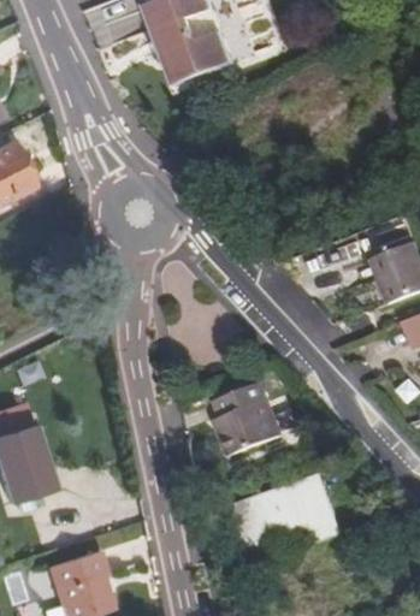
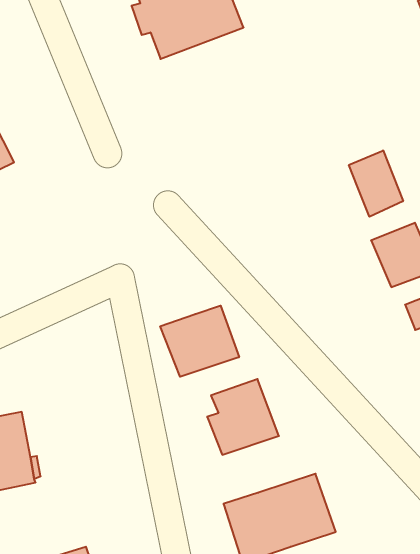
building: none -> [349,150,403,217]
building: none -> [160,306,239,377]

